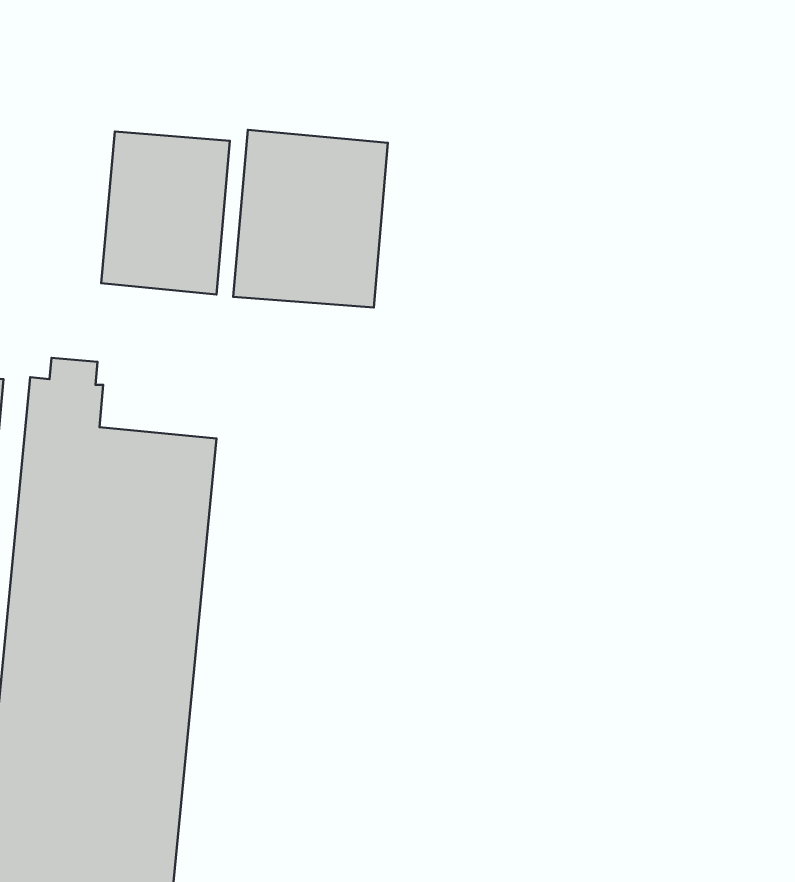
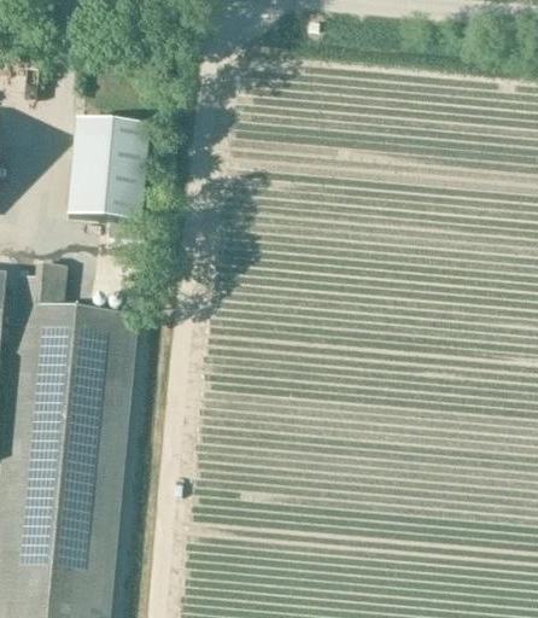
building: [233,130,388,308] -> none

